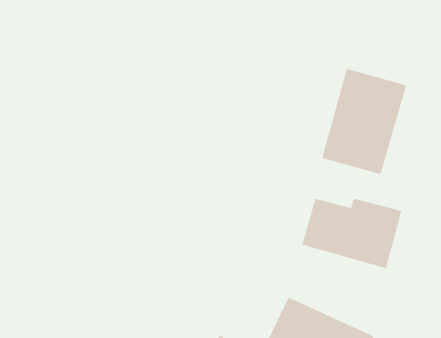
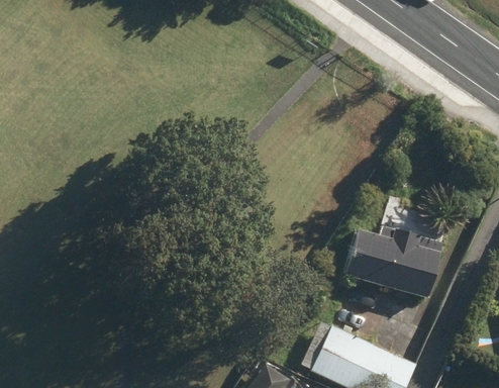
building: [322,68,407,175] -> none

